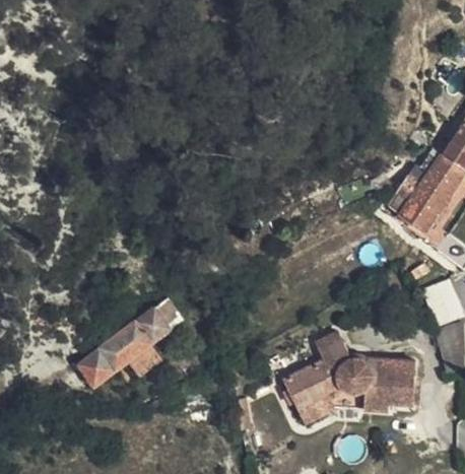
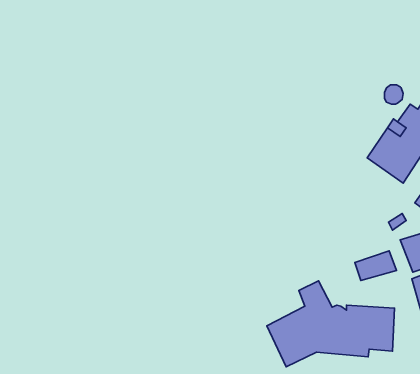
building: [80,297,185,386] -> none
building: none -> [355,251,396,281]

